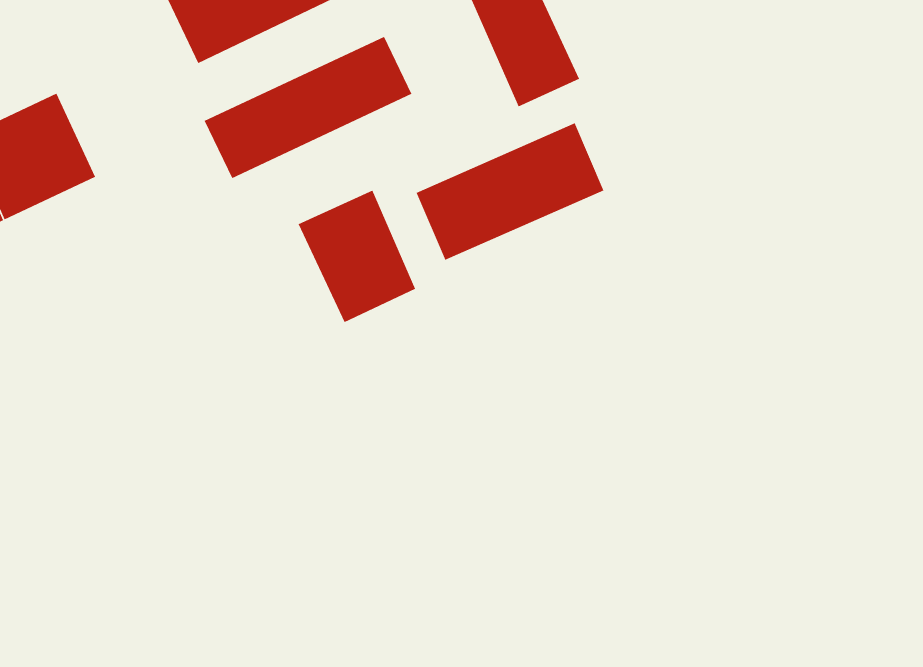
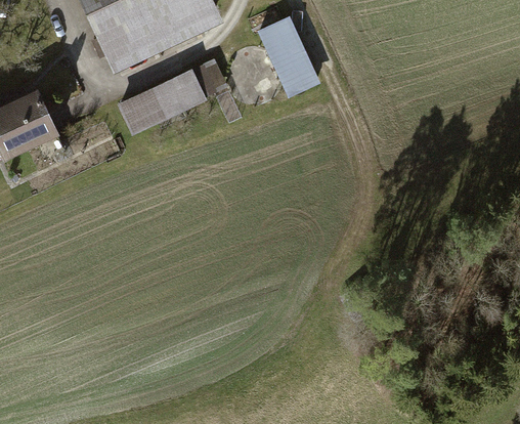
building: [416,122,605,261] -> none
building: [298,189,416,323] -> none

